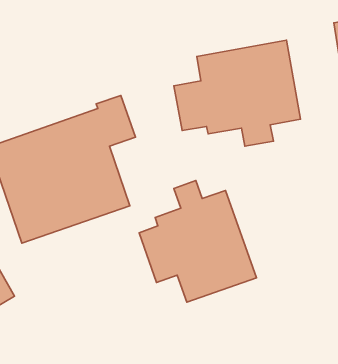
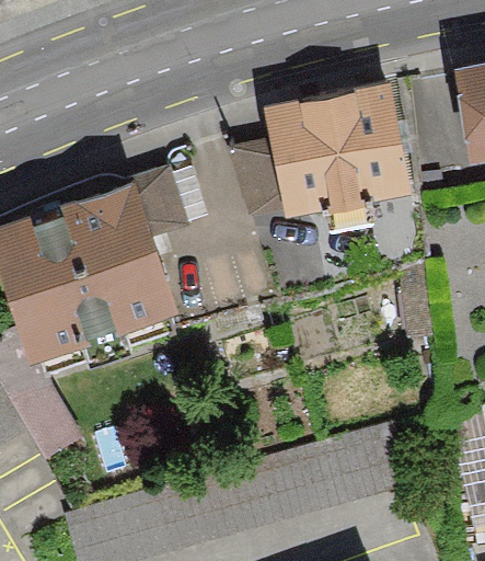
building: [139,180,256,302] -> none

